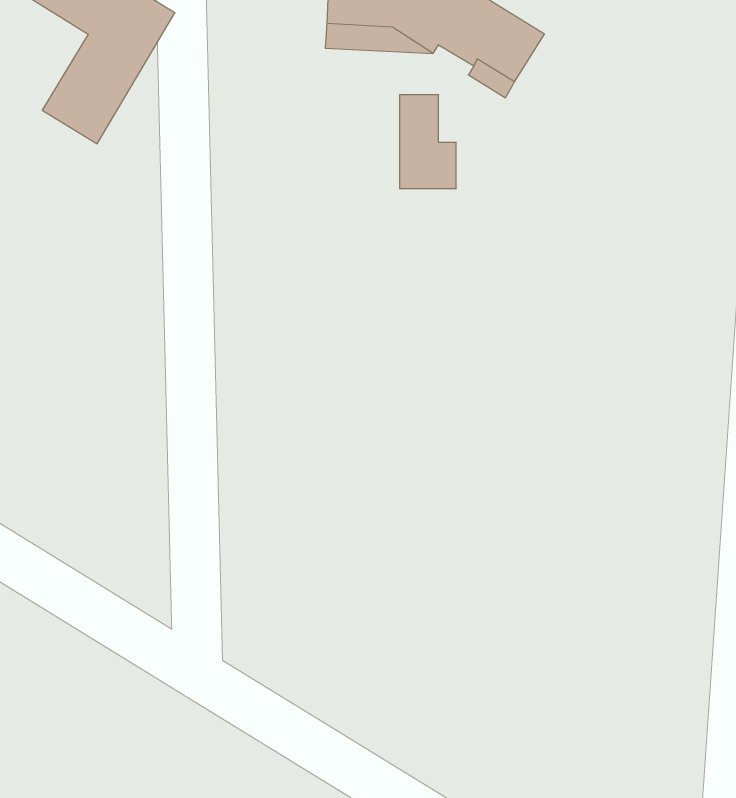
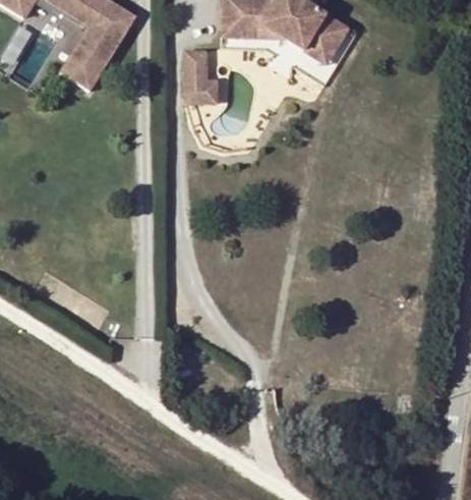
building: [400,95,456,189] -> [185,47,218,101]

